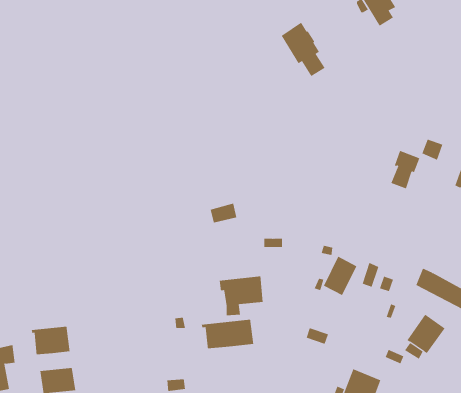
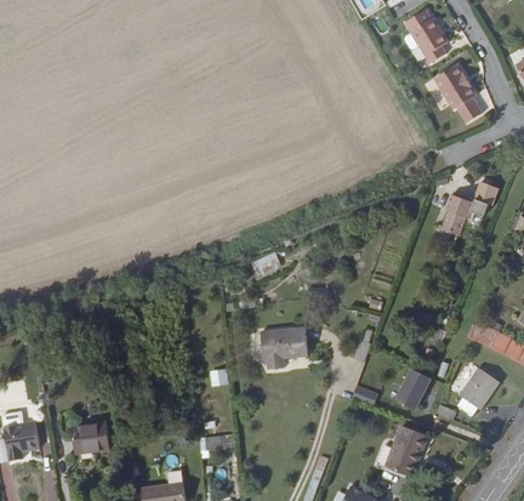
building: [281,22,326,77] -> [435,64,483,123]
building: [323,256,357,296] -> [394,364,431,406]
building: [201,319,254,349] -> none
building: [31,326,70,355] -> none

